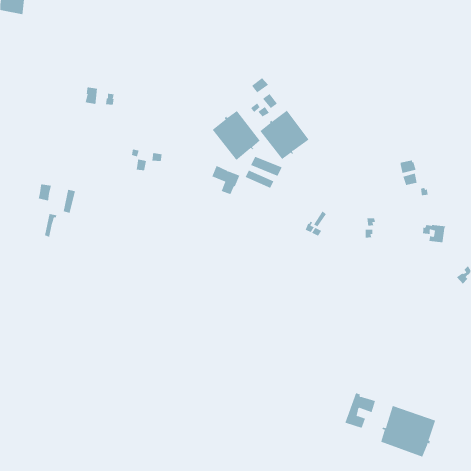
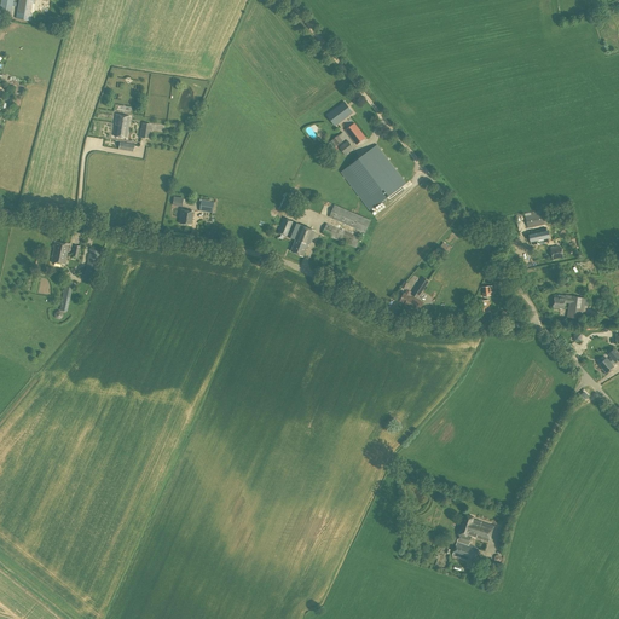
building: [212,110,261,161] -> none
building: [380,405,436,458] -> none

